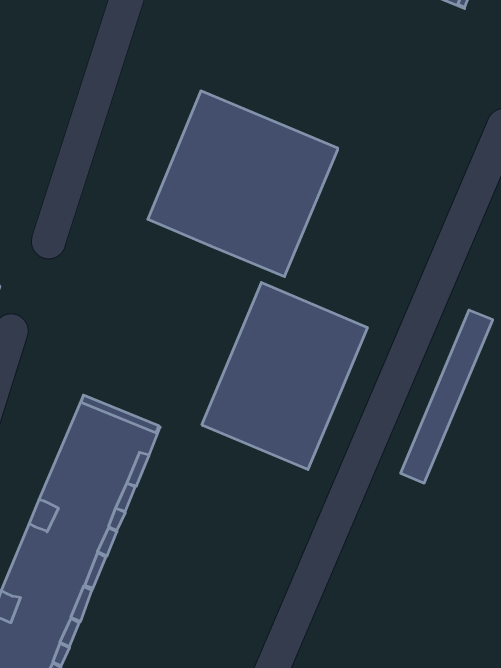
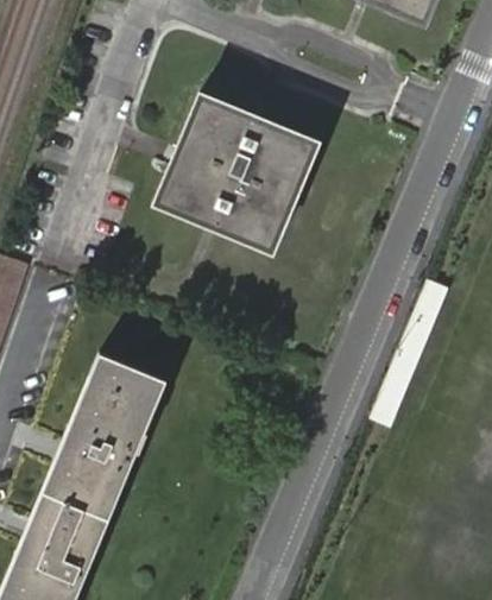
building: [202,282,367,470] -> none

